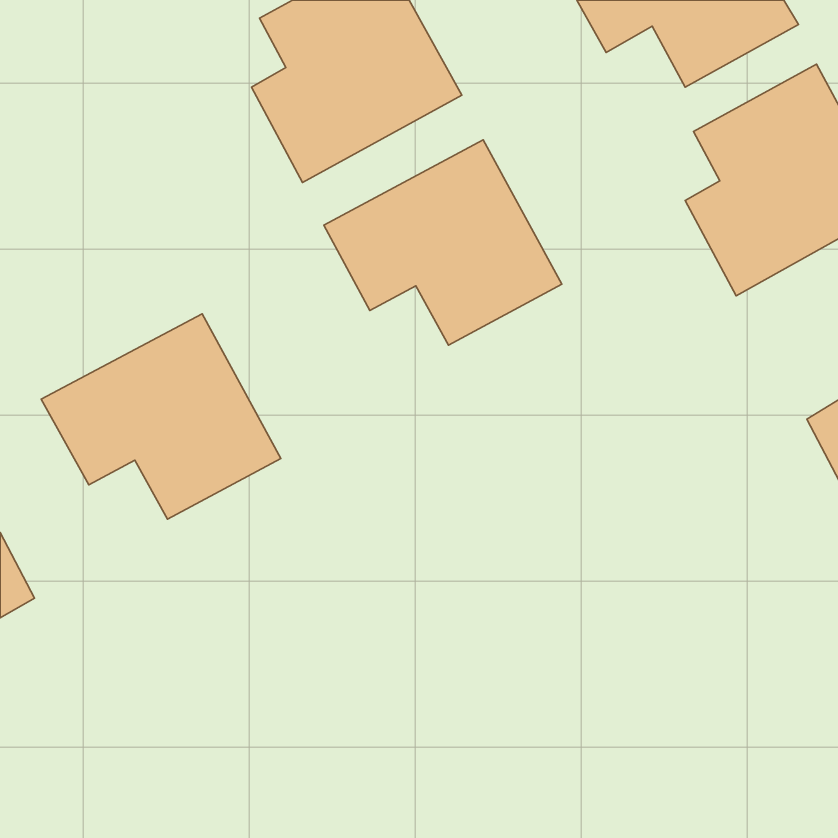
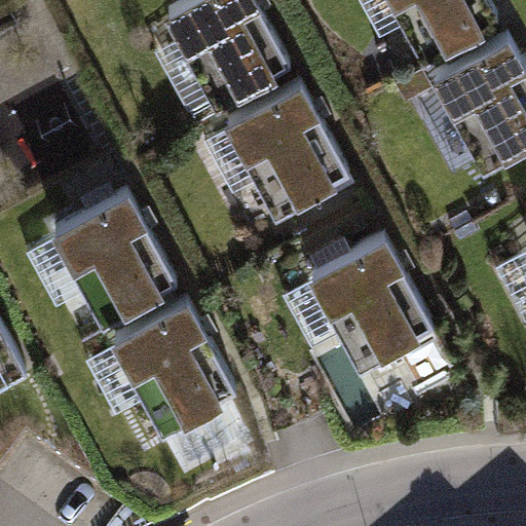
building: none -> [288,239,437,369]
building: none -> [92,309,241,438]

